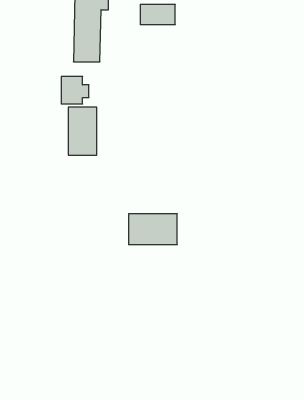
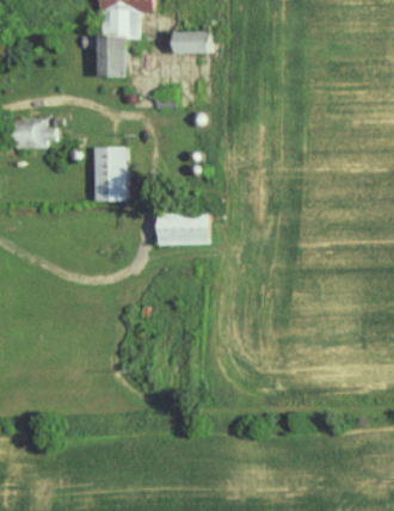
building: [61,76,89,104] -> [20,117,51,148]
building: [129,214,177,245] -> [155,209,210,244]

